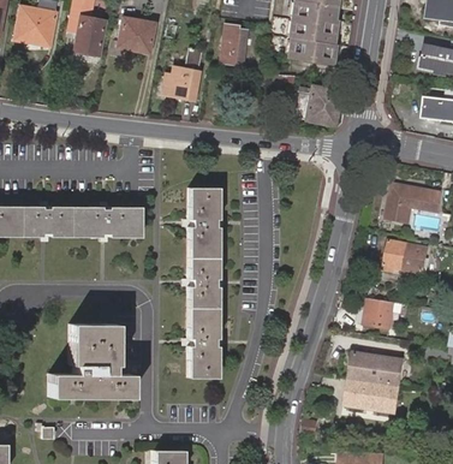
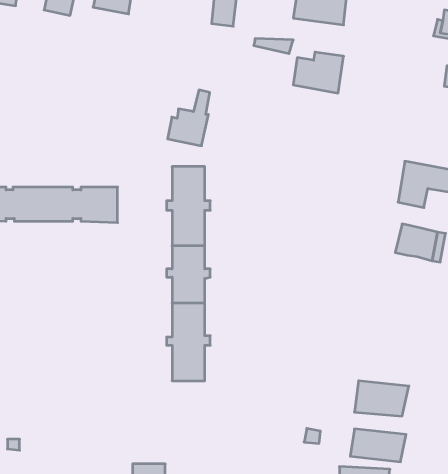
building: [163,50,201,100] -> [168,90,210,146]
building: [364,297,393,326] -> none
building: [48,317,130,398] -> none
building: [352,353,401,382] -> [350,429,406,462]

